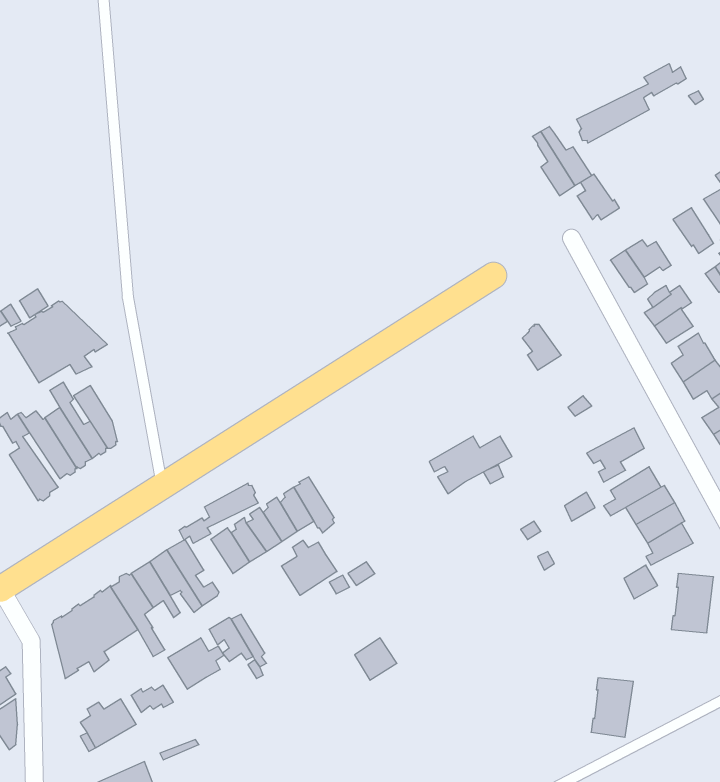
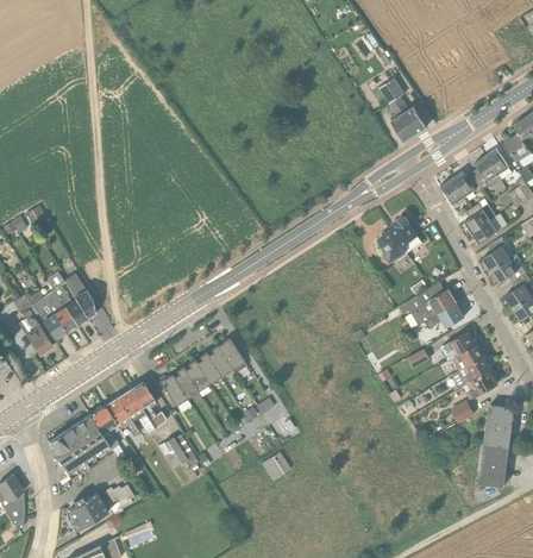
building: [577,64,686,143] -> none
building: [577,174,619,220] -> [472,157,502,189]
building: [8,301,107,383] -> none
building: none -> [389,218,421,252]
building: [429,436,512,494] -> [399,289,457,330]
building: [179,483,258,543] -> none
building: [281,540,337,595] -> none
building: [168,638,224,689] -> none
building: [591,678,633,737] -> [478,445,508,487]

